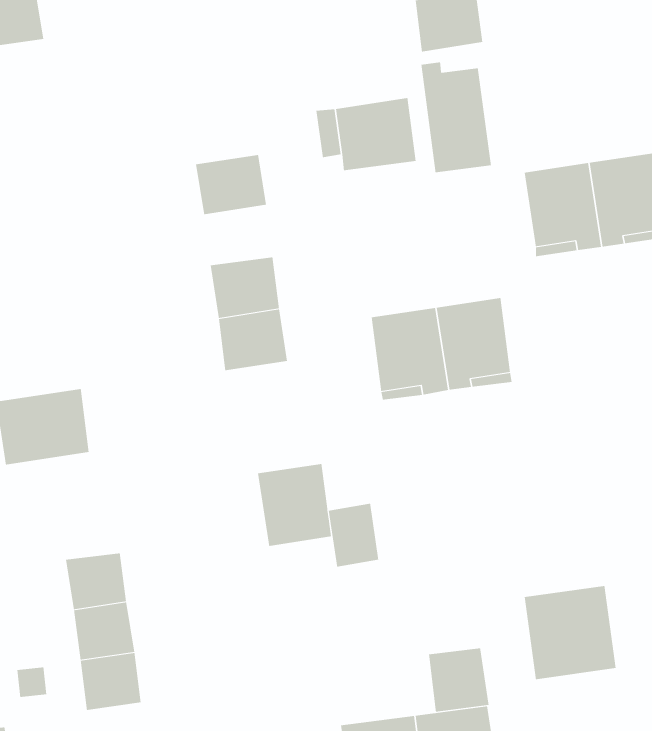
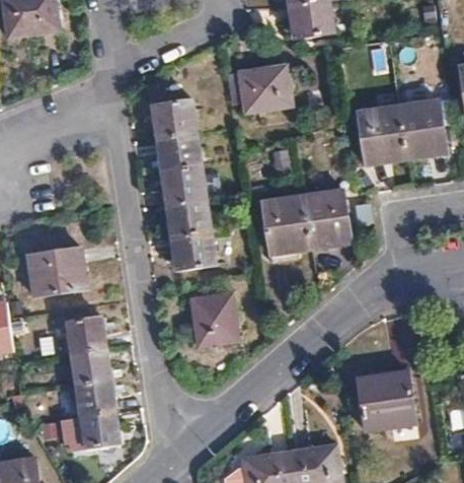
building: [421,61,491,173] -> none
building: none -> [157,132,201,169]
building: none -> [170,229,214,267]
building: none -> [67,317,105,353]
building: [328,503,379,567] -> none
building: [429,647,489,713] -> none

